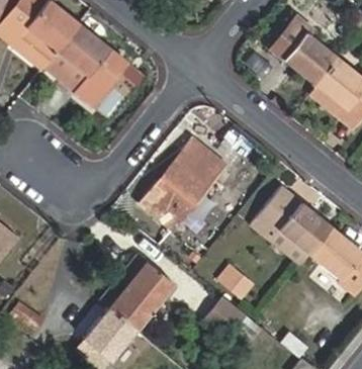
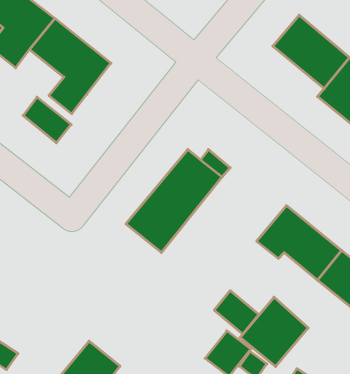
building: [43,52,86,92] -> [23,97,71,143]
building: [100,255,173,331] -> none
building: none -> [240,297,308,367]

